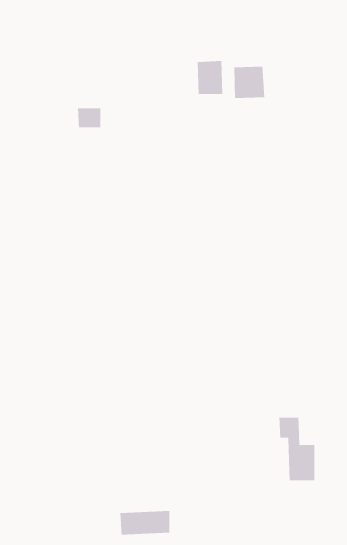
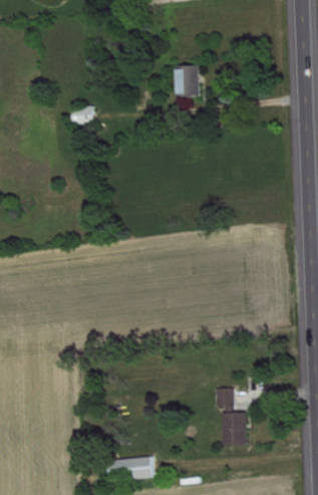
building: [233,66,265,99] -> none
building: [278,417,315,481] -> [215,389,247,445]

